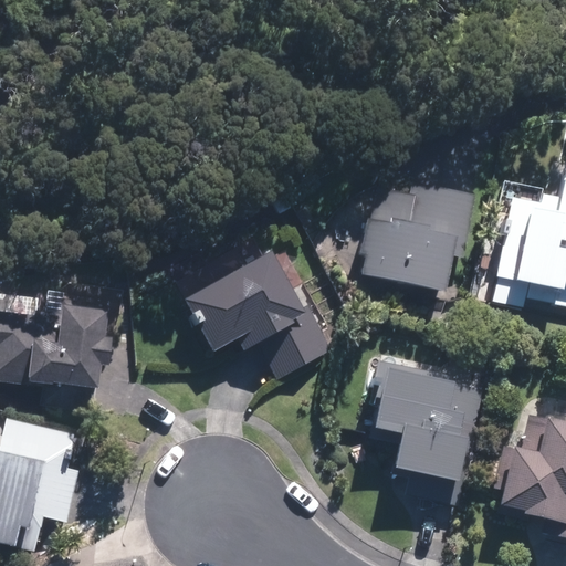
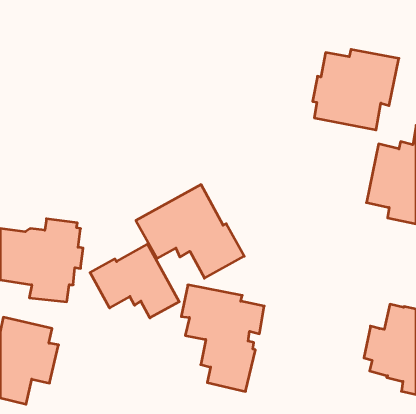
building: [360,181,478,291] -> [313,49,399,130]
building: none -> [90,244,179,318]
building: [370,359,483,504] -> [181,285,264,391]

